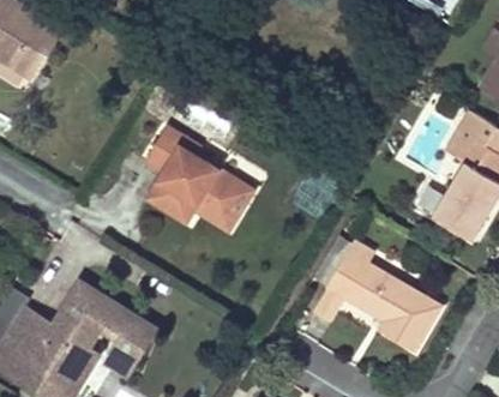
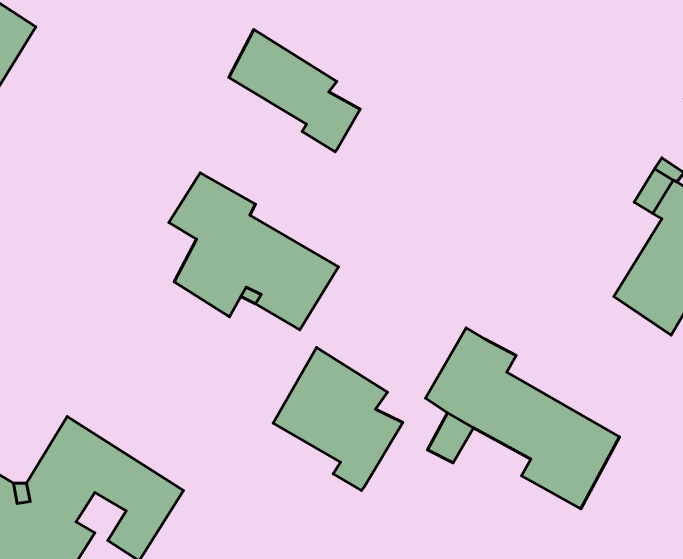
building: none -> [229,29,360,152]
building: none -> [273,347,403,491]

